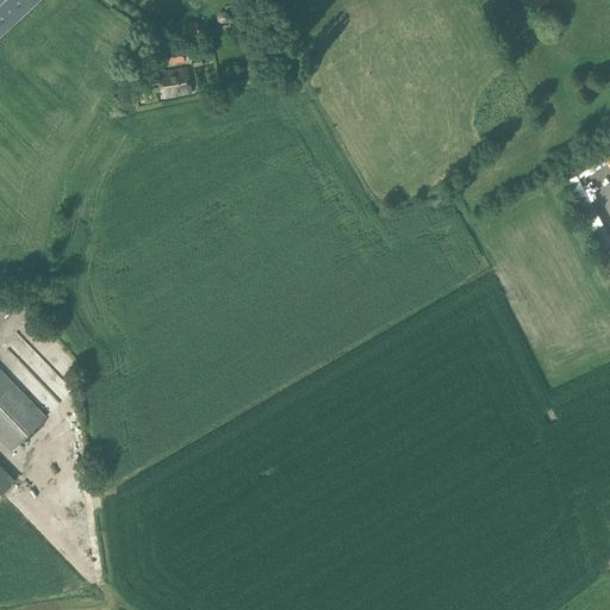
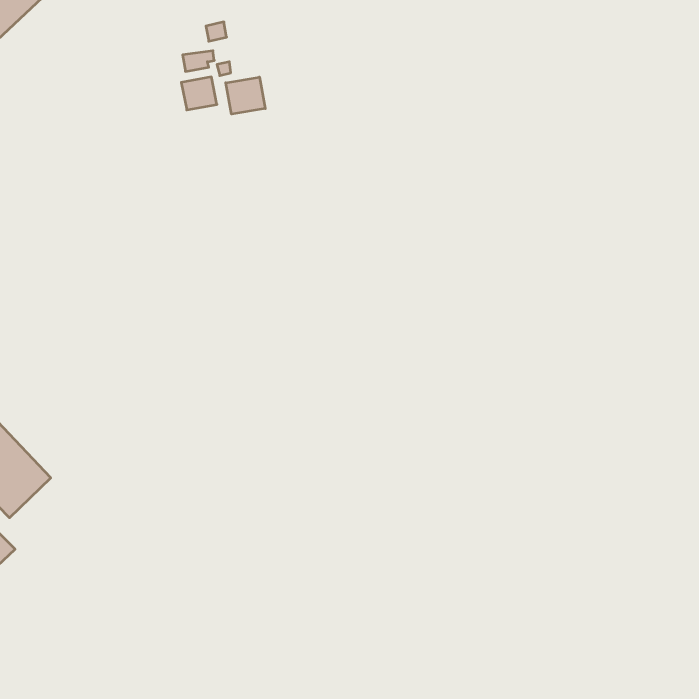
building: none -> [226,77,265,114]

